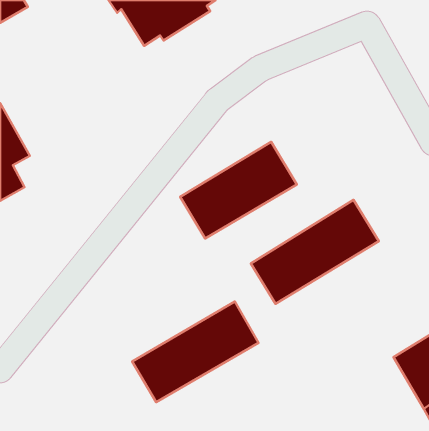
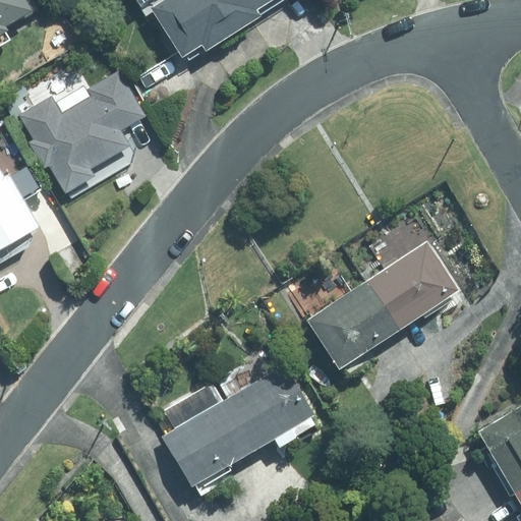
building: none -> [18,71,146,194]
building: [180,142,297,238] -> none

